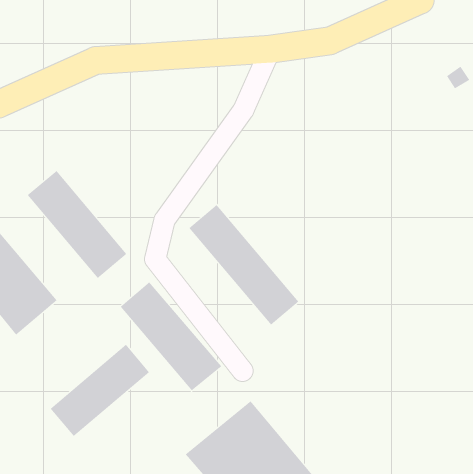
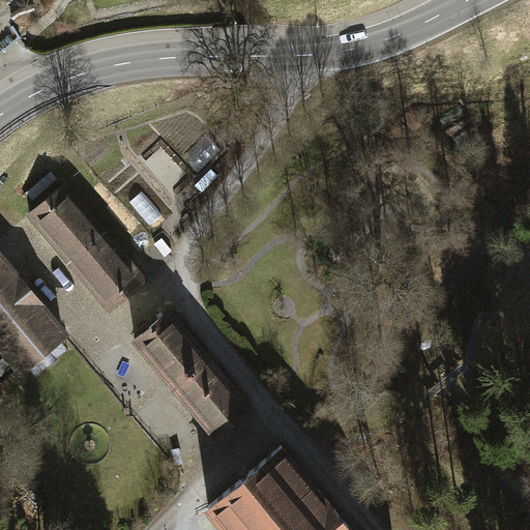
building: [188,204,299,325] -> none
building: [50,344,150,437] -> none

